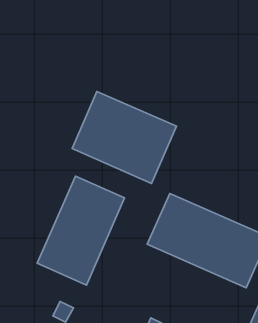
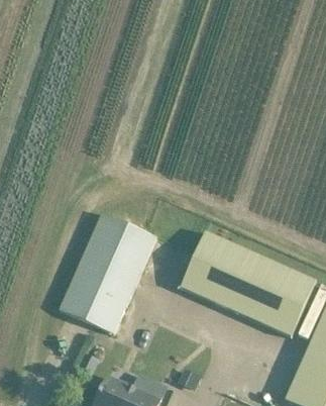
building: [72,91,176,183] -> none

